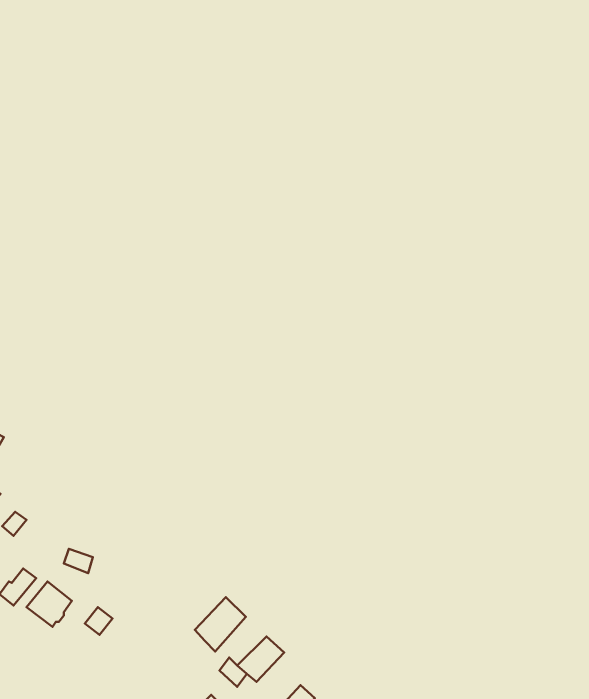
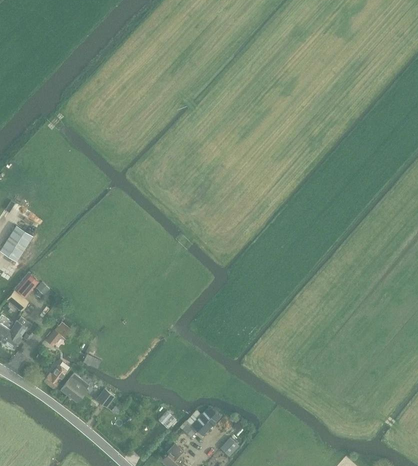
building: [195,597,246,651] -> none

